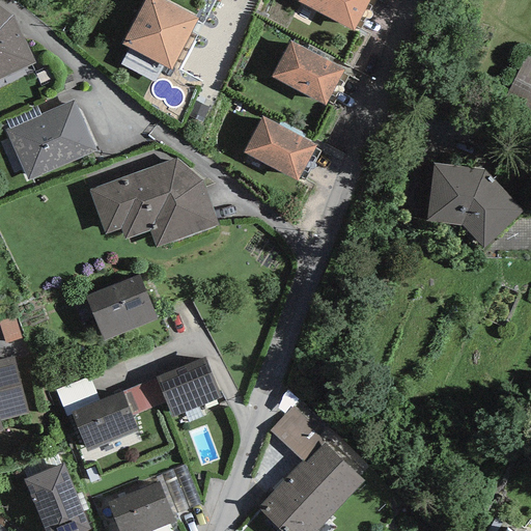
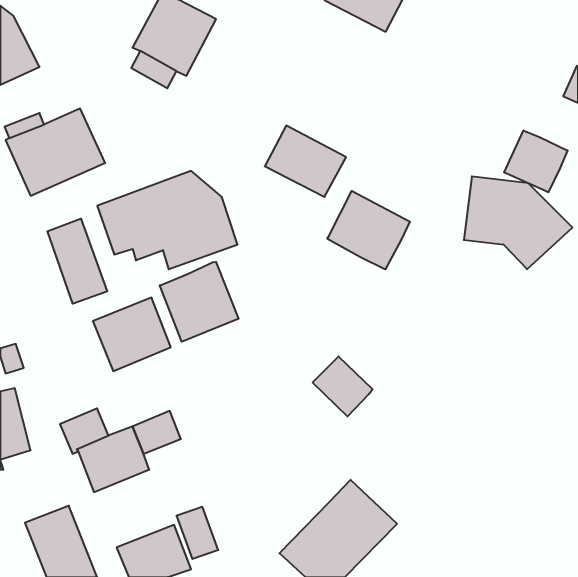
building: [271,40,344,106] -> none
building: none -> [504,130,568,192]
building: none -> [327,191,410,269]
building: none -> [47,219,107,304]
building: none -> [160,262,239,342]
building: [156,357,222,417] -> none
building: [270,406,325,460] -> [313,356,373,416]

